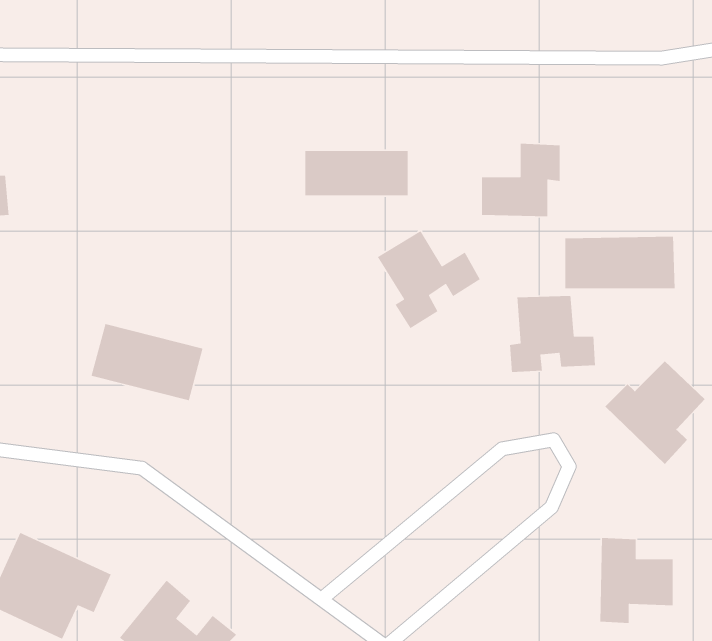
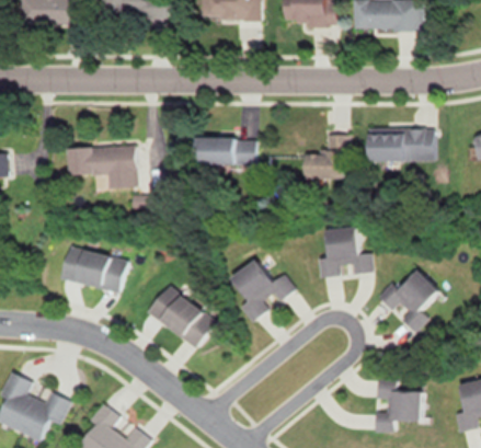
building: none -> [66,146,136,188]
building: [377,230,481,329] -> [230,260,295,321]
building: [564,236,676,289] -> [366,129,435,162]
building: none -> [147,285,216,348]

